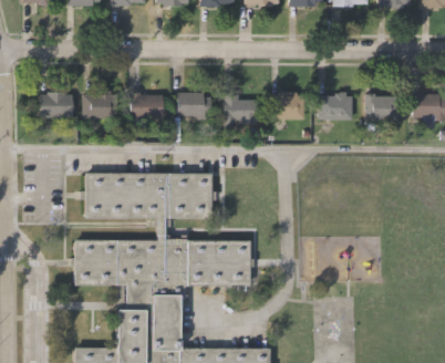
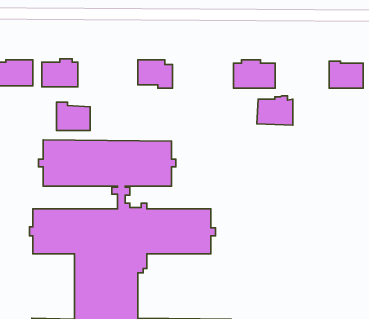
building: [130,92,163,120] -> [56,102,90,130]
building: [315,92,351,121] -> [257,96,293,125]
building: [222,94,256,127] -> none

